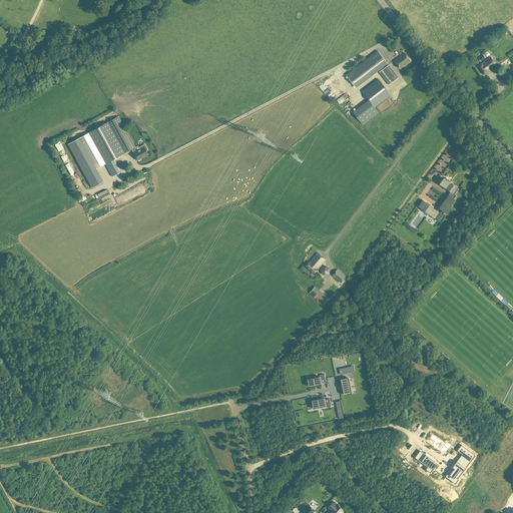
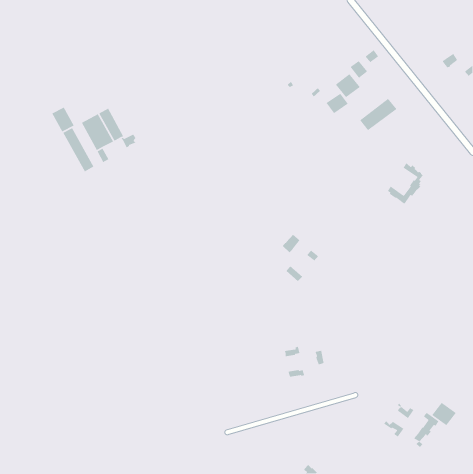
building: [346,51,387,87] -> [359,98,397,131]
building: none -> [51,107,75,132]
building: none -> [431,402,457,426]

